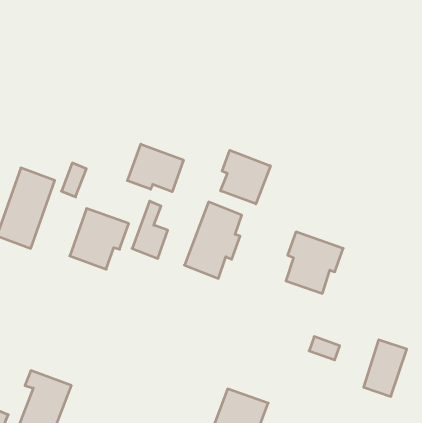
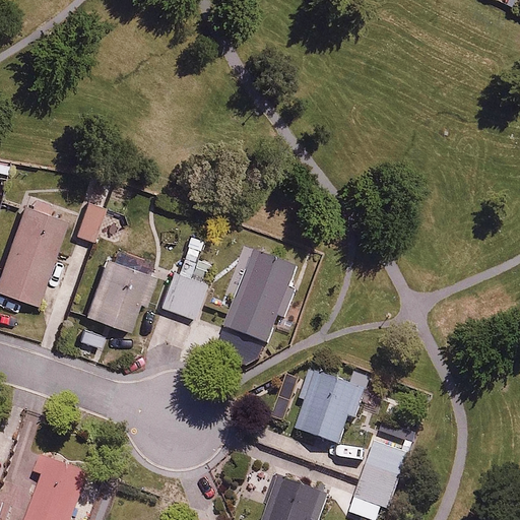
building: [127,144,183,192] -> none
building: [221,150,270,204] -> none
building: [286,232,343,293] -> [295,370,365,445]
building: [364,340,407,396] -> [353,442,406,511]

